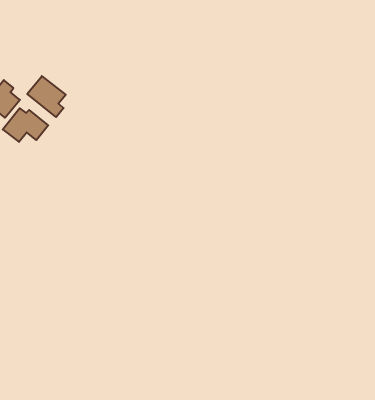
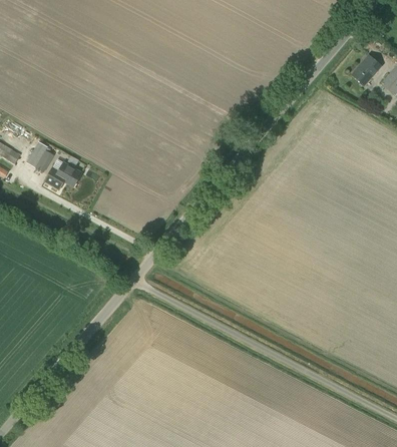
building: [27,76,66,117] -> none

